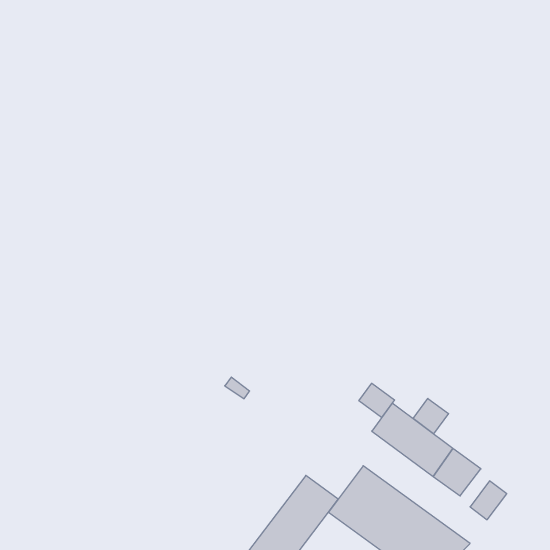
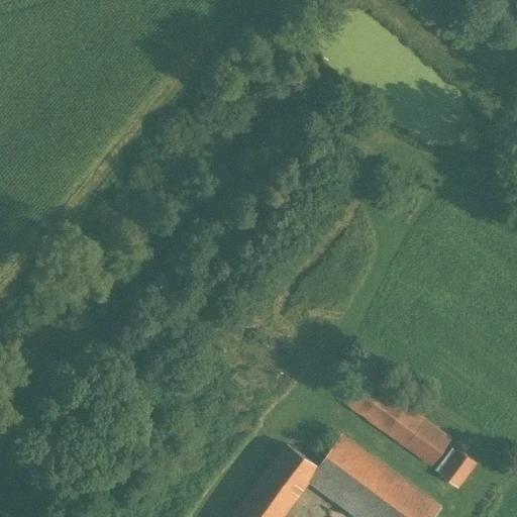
building: [359,383,395,418] -> none
building: [413,398,449,434] -> none

